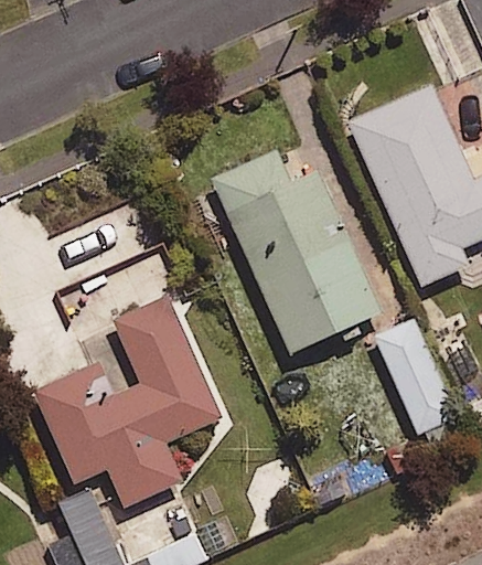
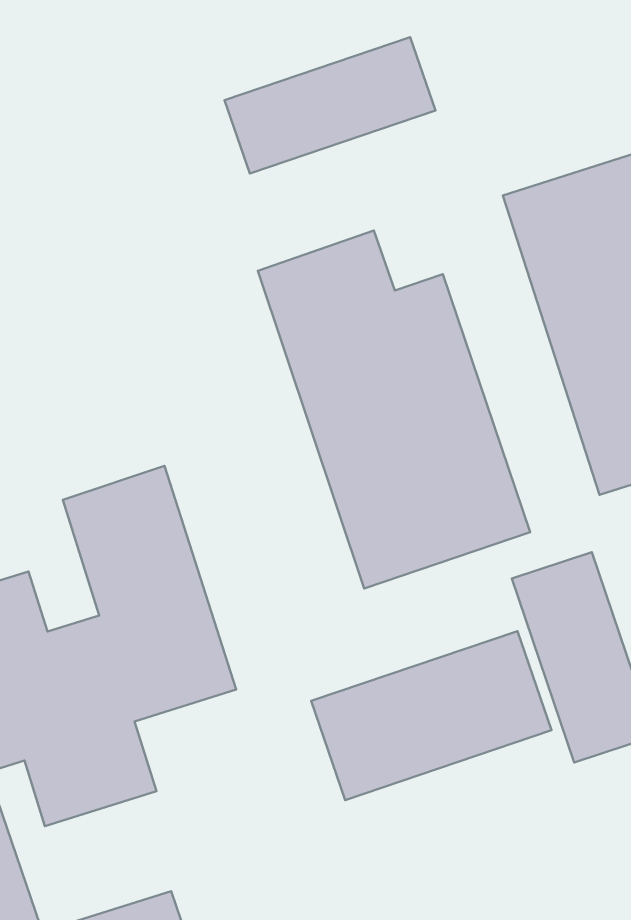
building: none -> [225,37,436,174]
building: none -> [311,631,551,800]

